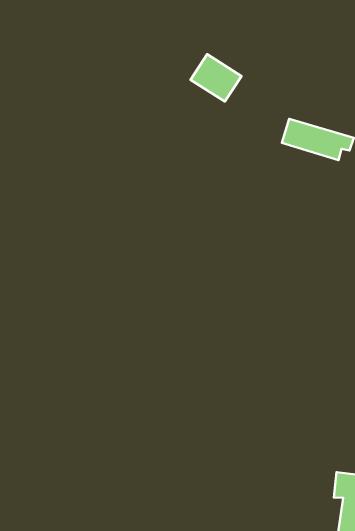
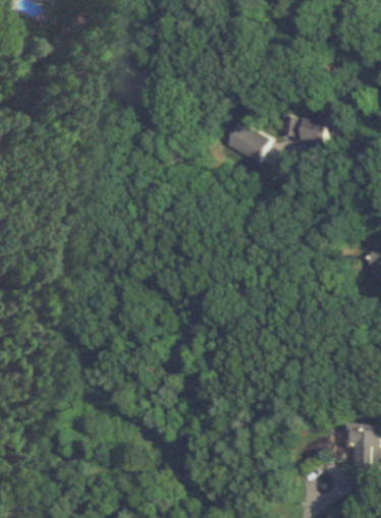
building: [190,54,241,102] -> [225,121,270,162]

